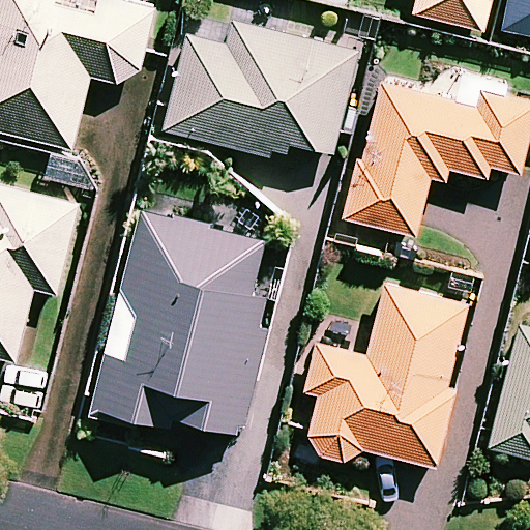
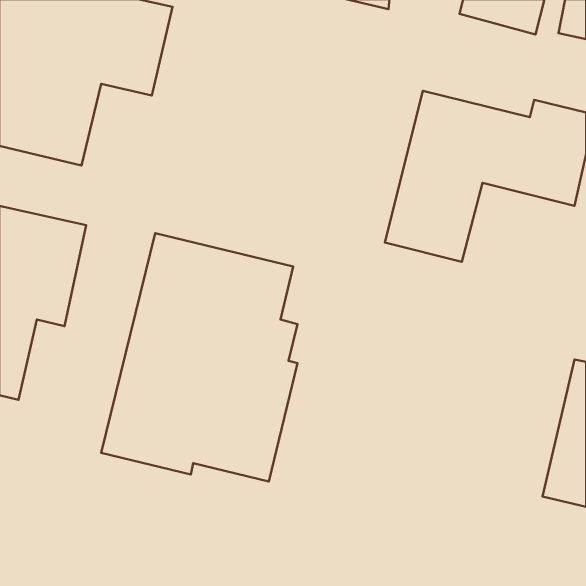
building: [165,22,358,159] -> none
building: [297,285,468,466] -> none

